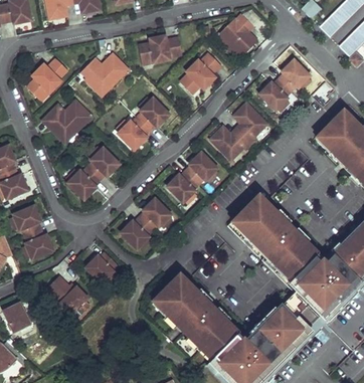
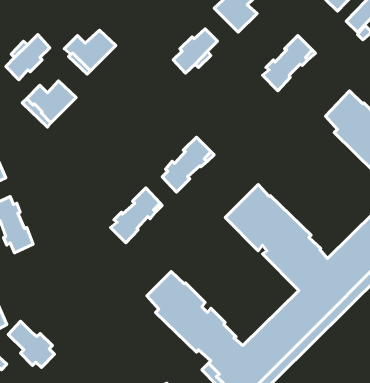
building: [138,37,182,61] -> none
building: [118,98,169,149] -> none
building: [210,103,266,159] -> none
building: [67,148,119,199] -> none
building: [88,251,118,282] -> none
building: [47,275,89,318] -> [8,321,55,368]

